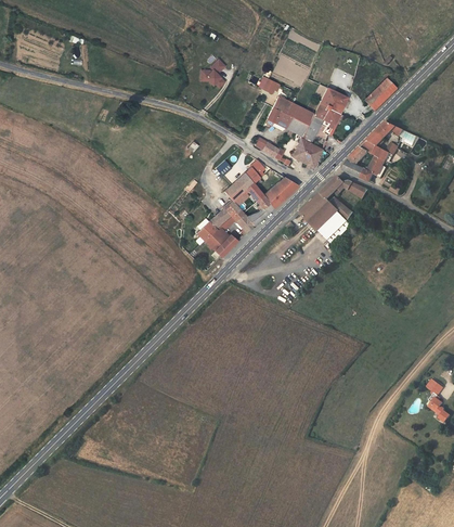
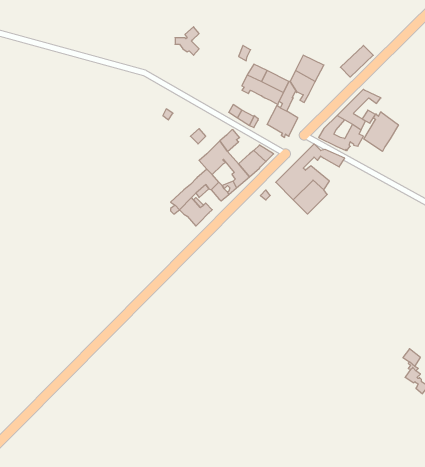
building: none -> [364,112,398,151]

